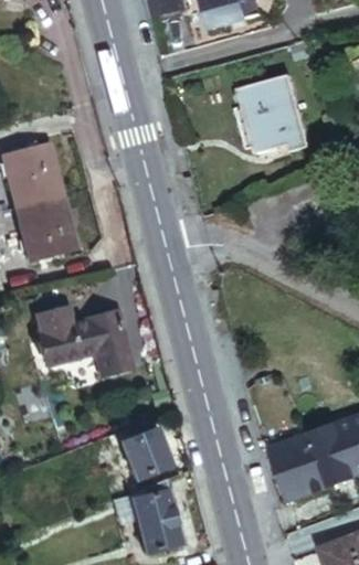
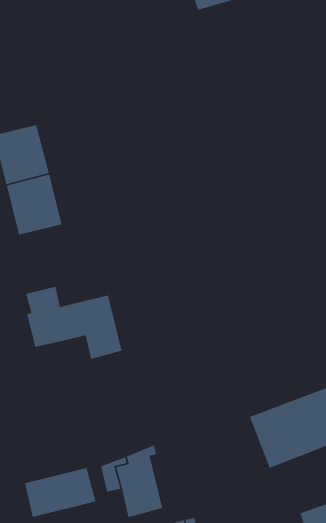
building: [239,74,312,154] -> none
building: [120,426,171,477] -> none
building: none -> [24,467,97,518]

